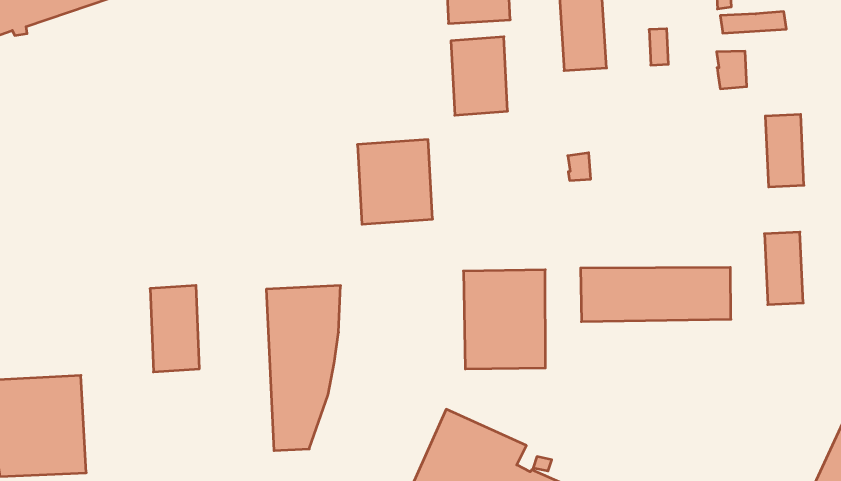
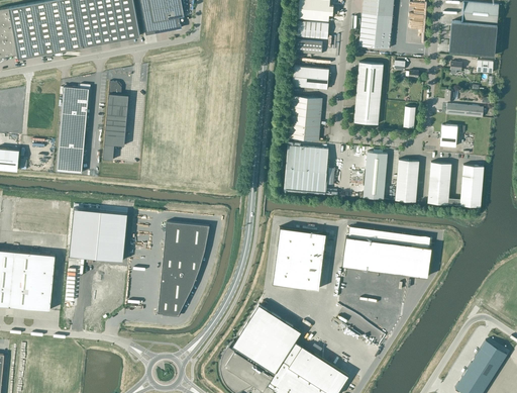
building: none -> [103,81,128,160]
building: none -> [57,84,90,173]
building: none -> [363,152,387,199]
building: none -> [395,160,419,201]
building: [357,140,433,224] -> [284,145,328,194]
building: [764,232,803,305] -> [427,162,451,204]
building: none -> [69,208,101,259]

